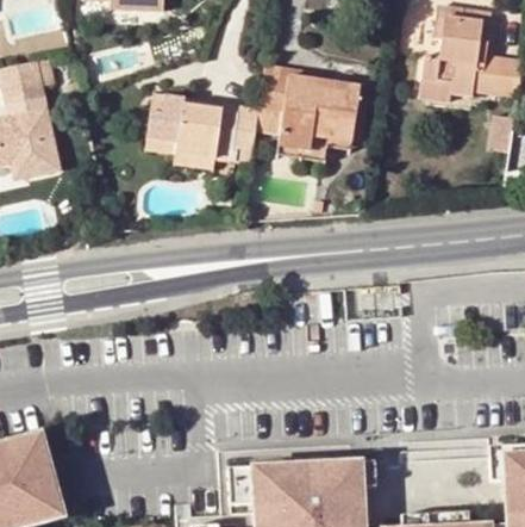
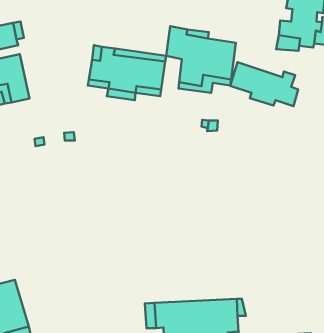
building: none -> [230,62,298,106]

